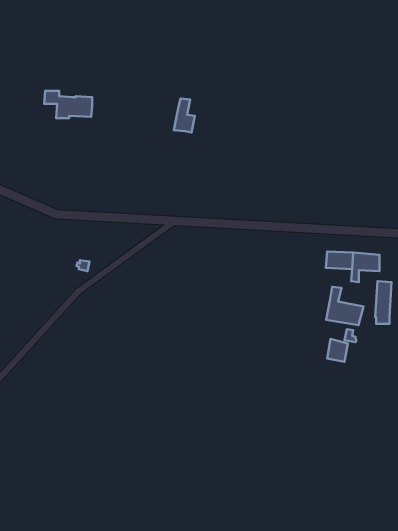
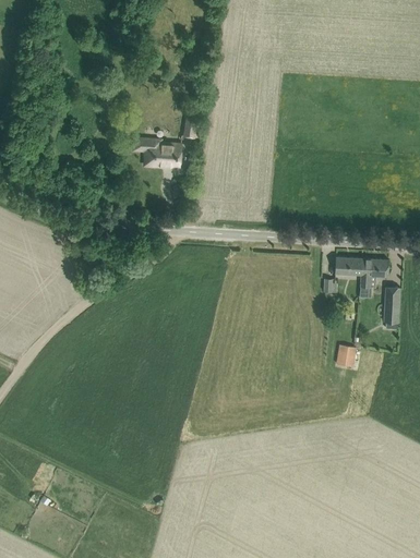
building: [44,91,92,118] -> [133,138,181,166]
building: [326,287,363,325] -> none

